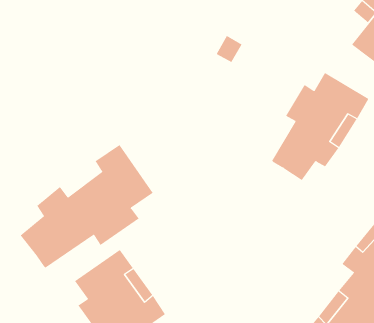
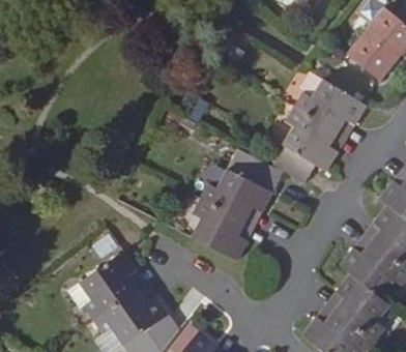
building: [20,144,153,269] -> none
building: none -> [191,151,282,263]

